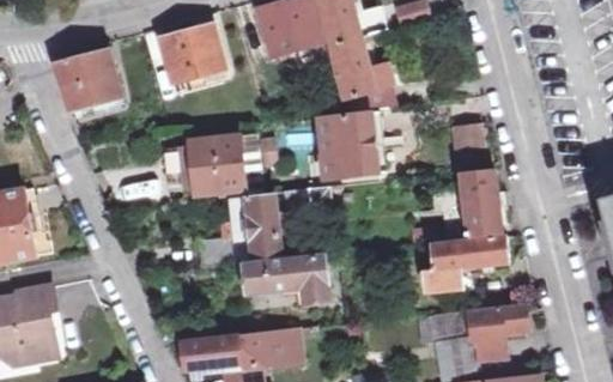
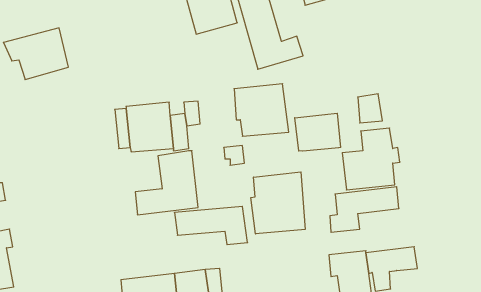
building: [159,25,223,84] -> none
building: none -> [295,113,341,151]
building: none -> [251,172,305,234]

